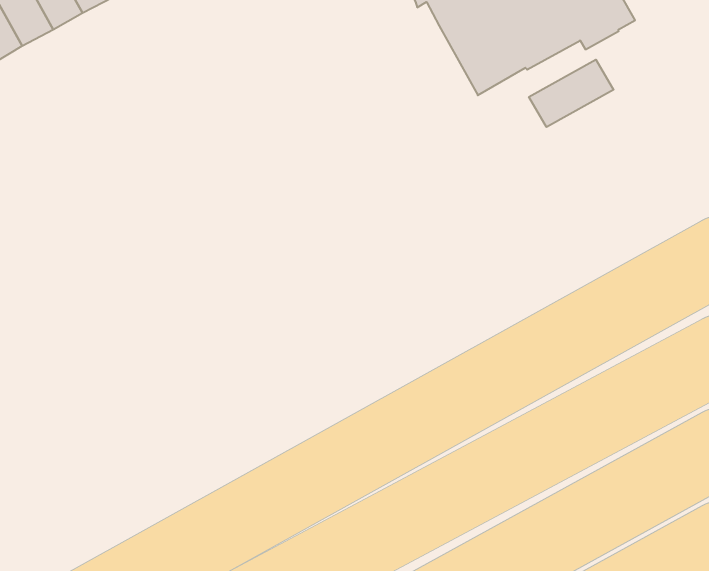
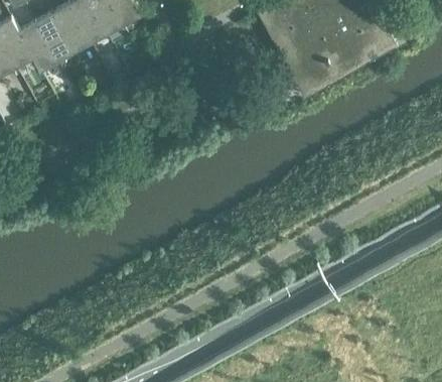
building: [529,60,614,127] -> none

